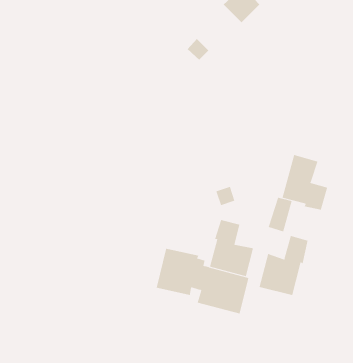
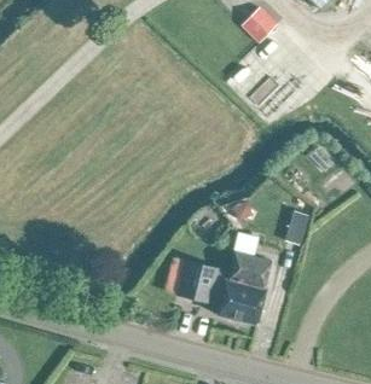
building: [282,154,328,210] -> none
building: [259,235,308,296] -> none

